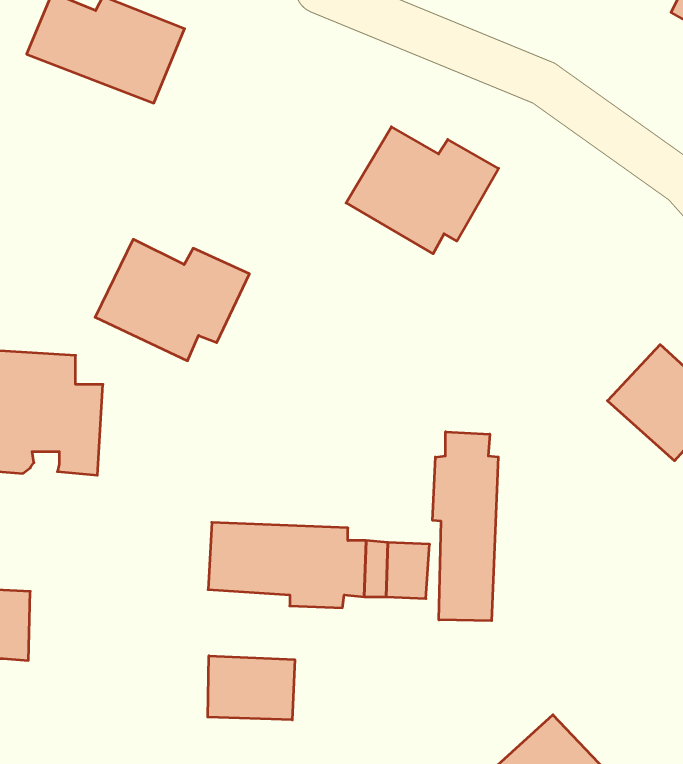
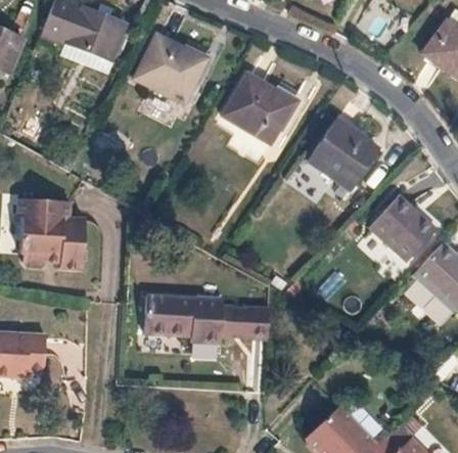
building: none -> [308,120,378,190]
building: [95,239,249,361] -> [133,35,220,103]
building: [433,432,498,621] -> none
building: [208,656,295,720] -> none

